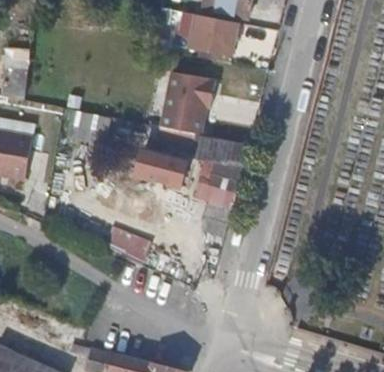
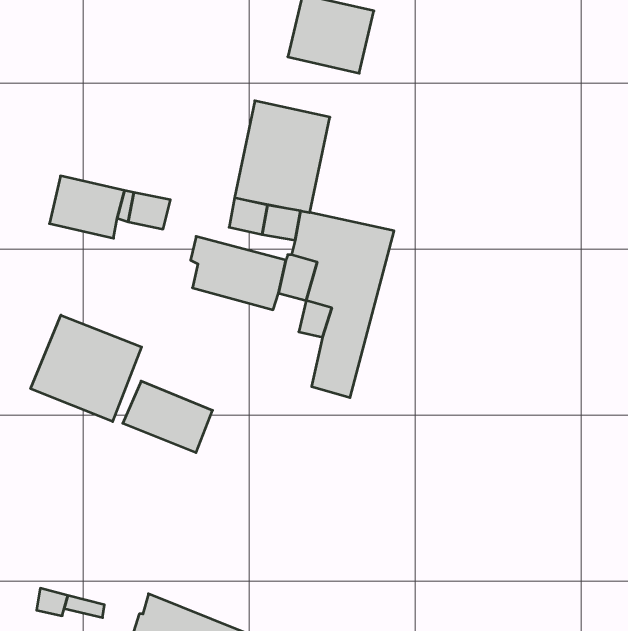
building: none -> [31,315,142,422]

